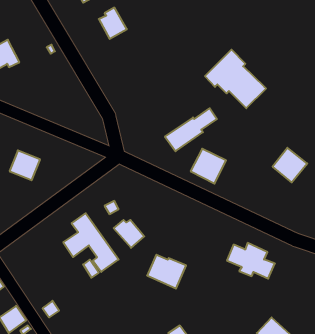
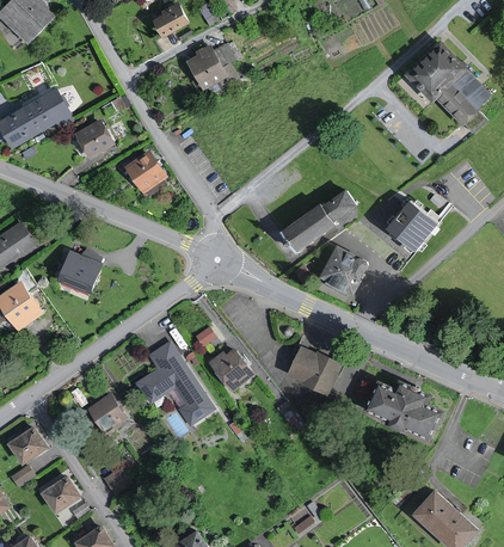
building: [205,50,266,108] -> [402,39,491,124]
building: none -> [75,121,112,158]
building: none -> [124,152,166,193]
building: [273,148,307,182] -> [387,201,437,251]
building: none -> [88,394,125,432]
building: [147,255,186,289] -> [287,346,343,395]

